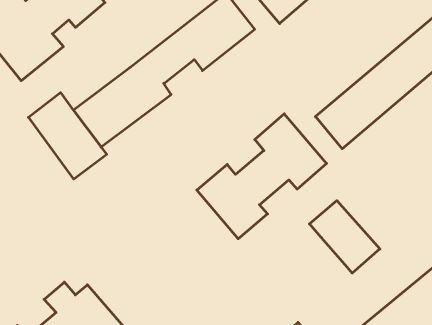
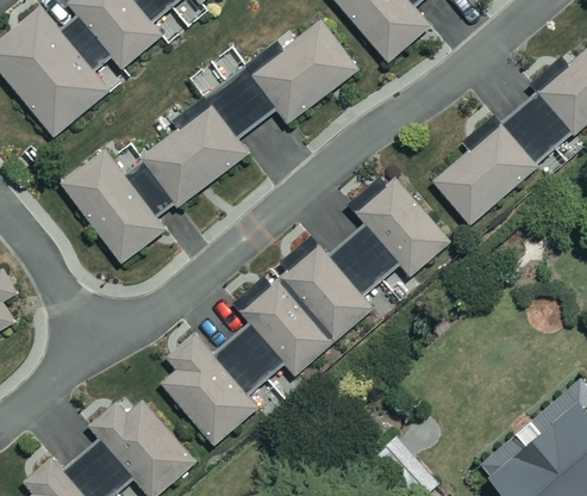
building: none -> [161,278,333,444]
building: [309,201,380,273] -> none

